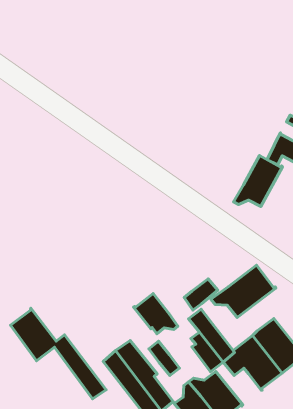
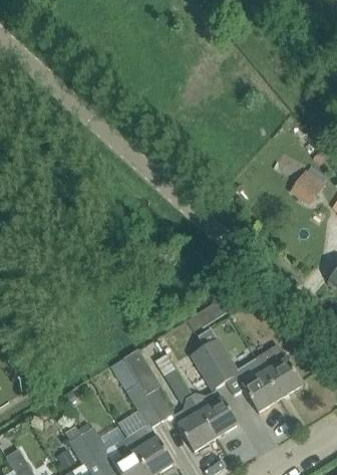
building: [234,156,283,206] -> none
building: [211,265,276,317] -> none
building: [134,293,178,334] -> none
building: [10,308,106,399] -> none

